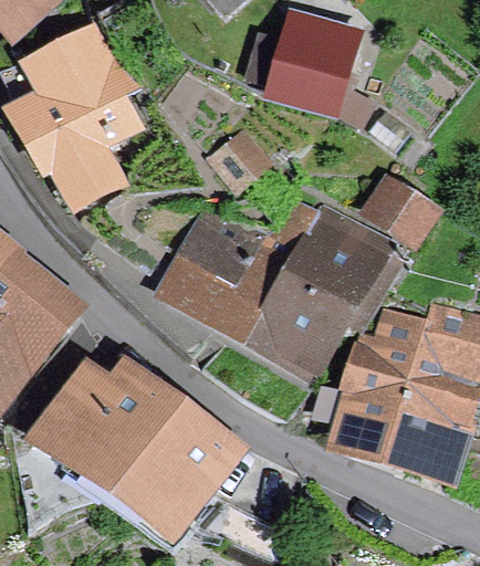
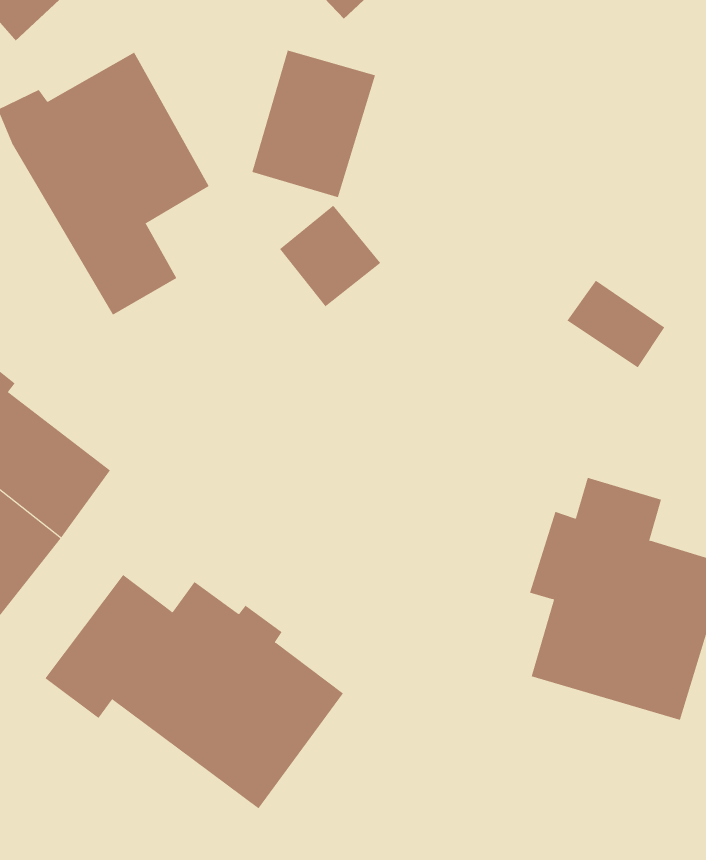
building: [272,17,353,113] -> [252,50,376,198]
building: [173,198,392,365] -> none

